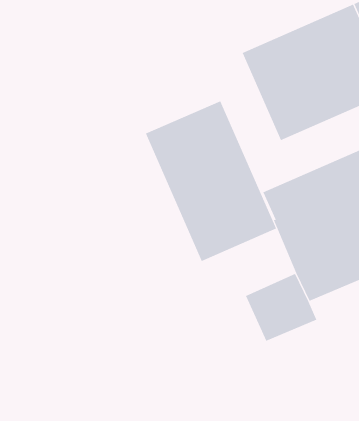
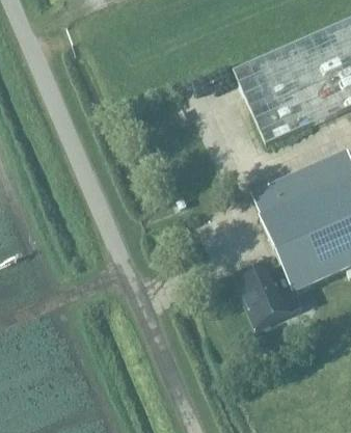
building: [145,100,277,262] -> none

